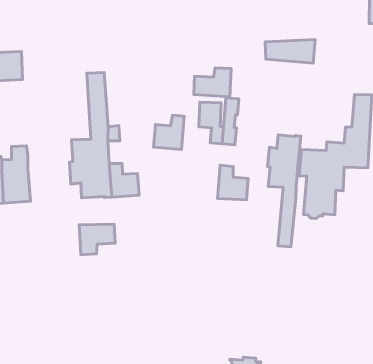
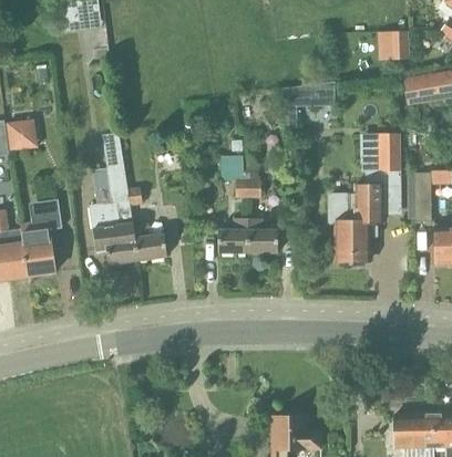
building: [194,68,231,97] -> none
building: [154,115,184,149] -> [218,218,247,252]
building: [268,135,301,247] -> none
building: [79,224,115,255] -> none

